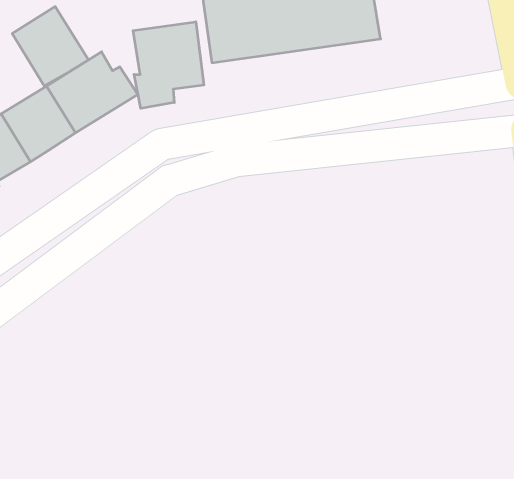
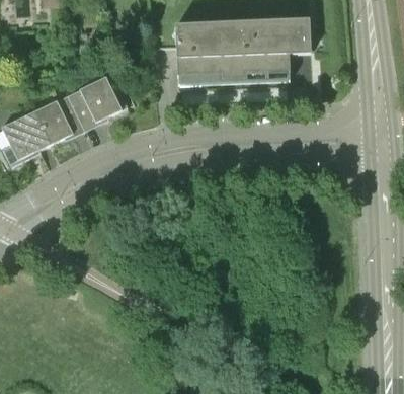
building: [12,7,89,86] -> none
building: [133,22,204,108] -> none

